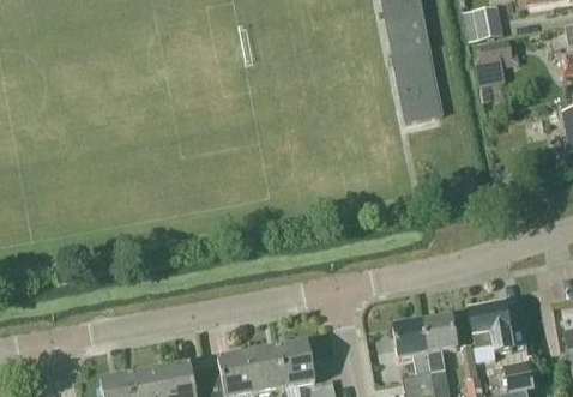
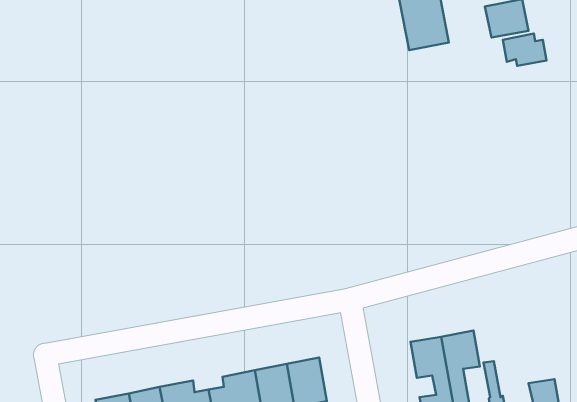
building: [391,46,444,121] -> none
building: [469,302,514,351] -> none

